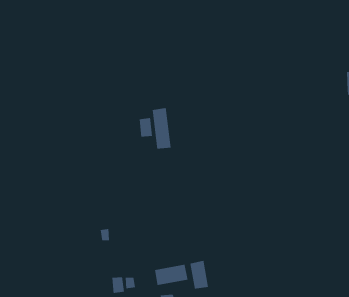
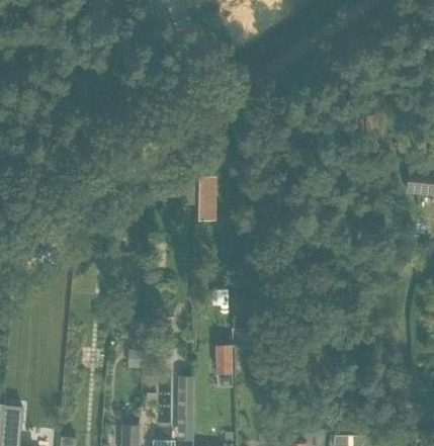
building: [155,264,188,286] -> none

